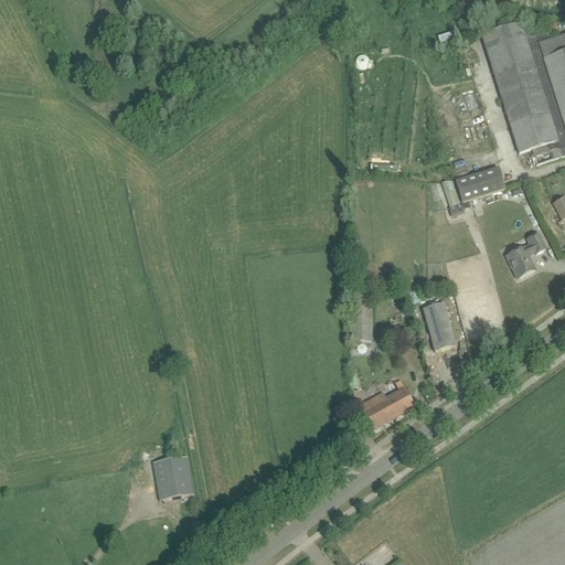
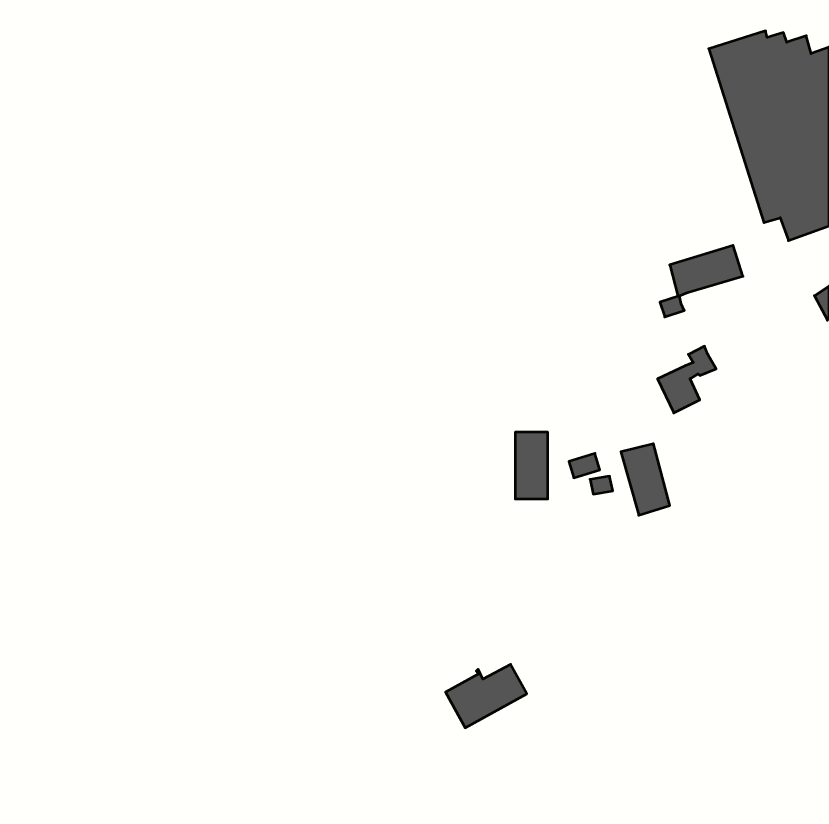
building: [505,232,545,277] -> [658,346,716,413]
building: [359,386,414,429] -> [446,664,527,728]
building: [152,455,193,499] -> none

